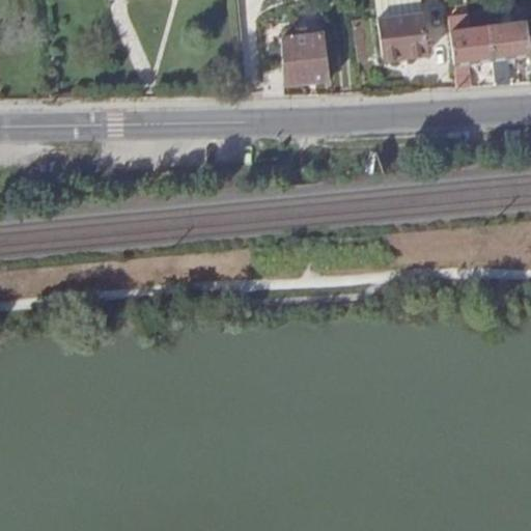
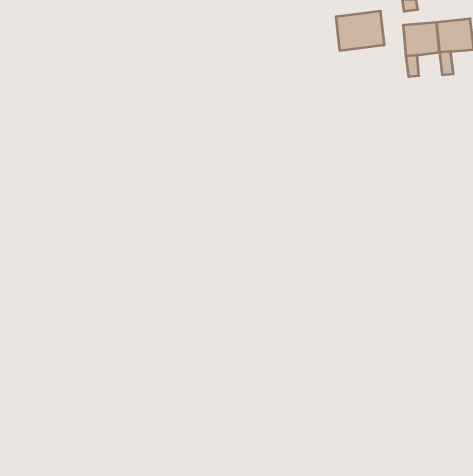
building: [267,32,333,93] -> none

